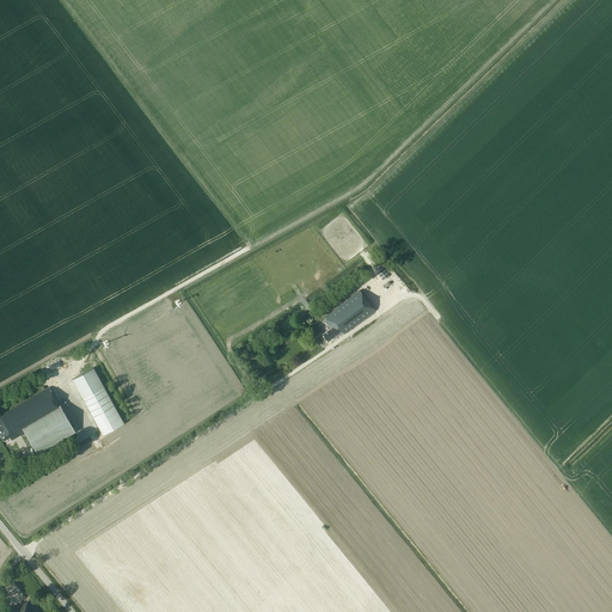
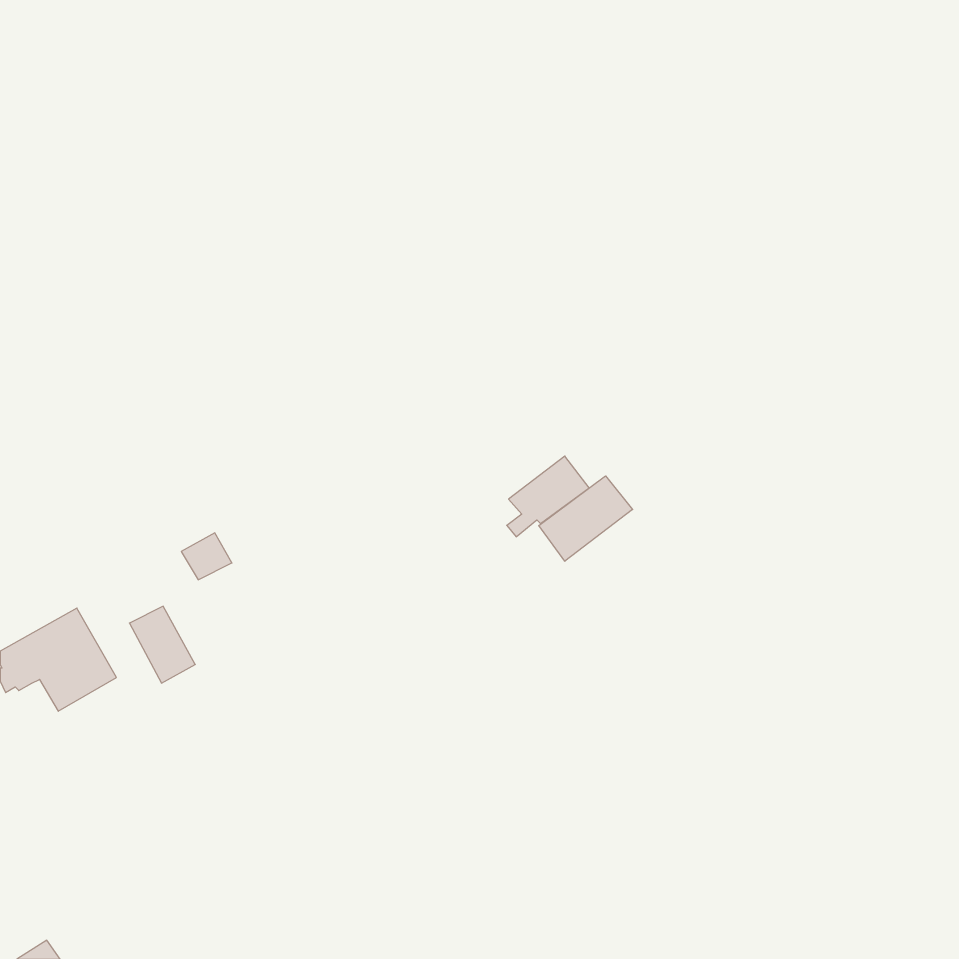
building: none -> [539,476,633,561]
building: [72,367,104,397] -> [181,533,232,580]

